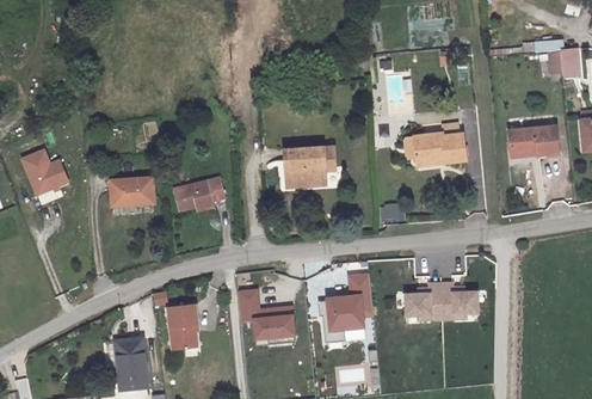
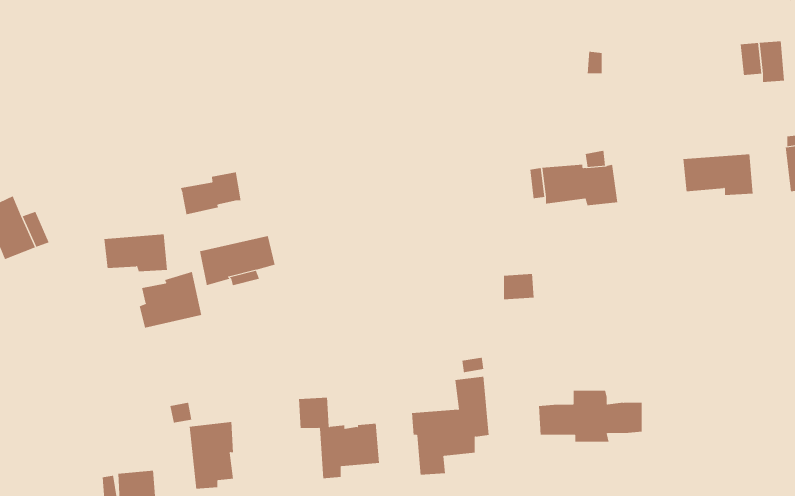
building: none -> [180,171,241,215]
building: [278,141,331,178] -> none
building: none -> [139,271,202,328]

